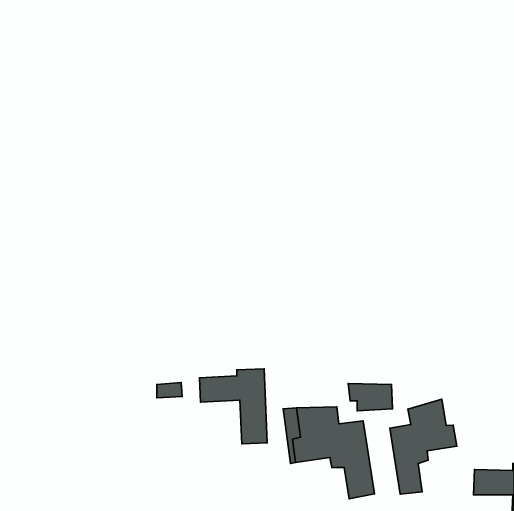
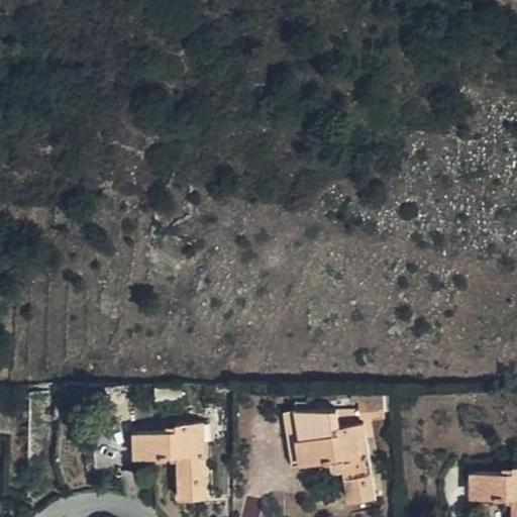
building: [199,369,267,444] -> [137,425,205,500]
building: [390,399,457,494] -> none

